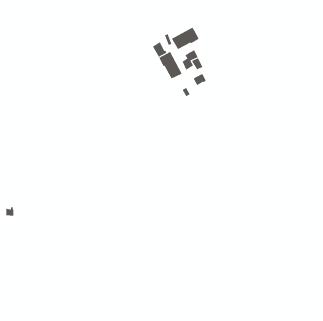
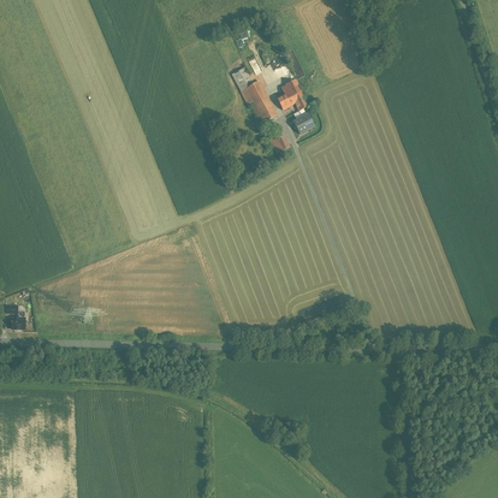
building: [171,27,200,50] -> none

